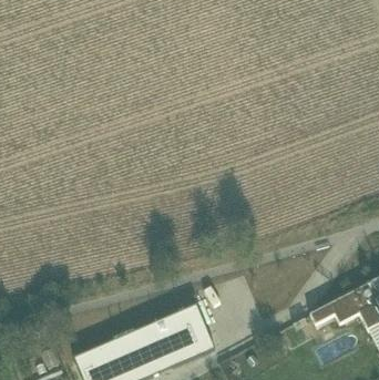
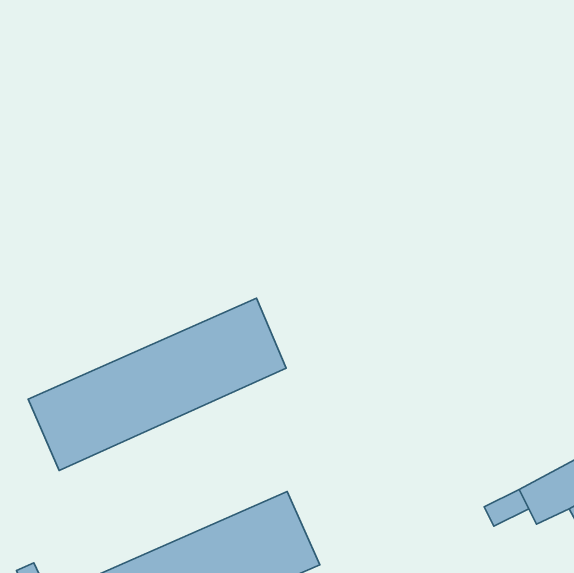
building: none -> [28,298,286,470]

